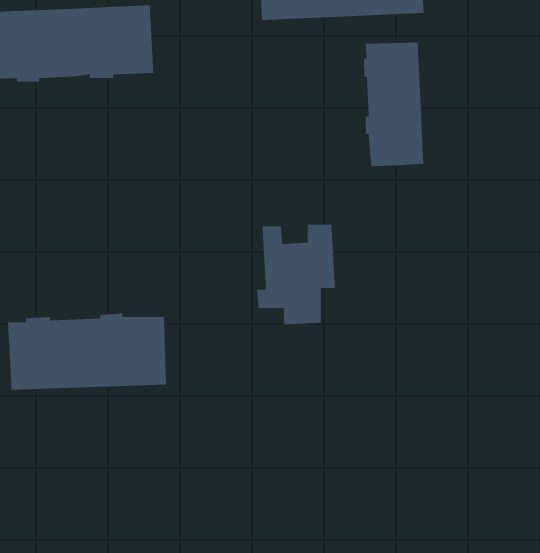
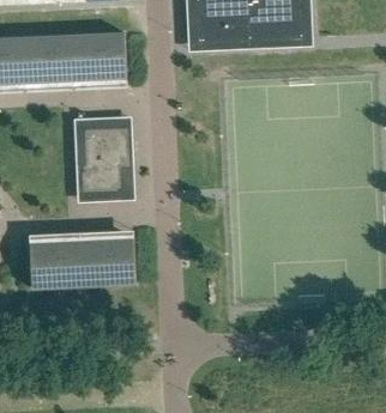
building: [363,42,424,167] -> none
building: [256,224,336,325] -> [77,126,129,193]

